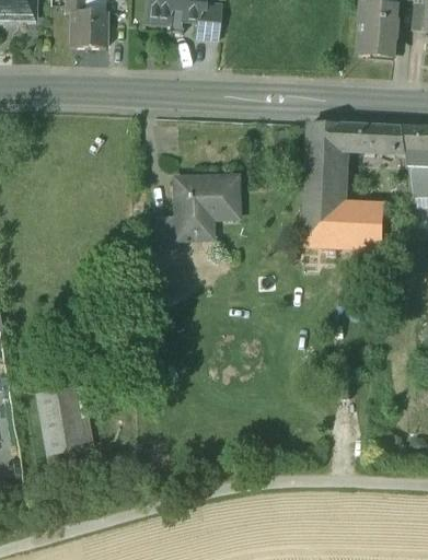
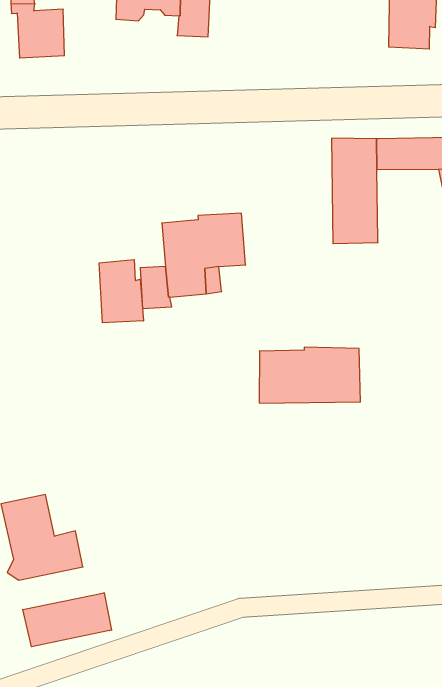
building: [304,202,384,247] -> [259,347,360,403]
building: none -> [99,260,143,323]
building: none -> [23,593,112,647]

